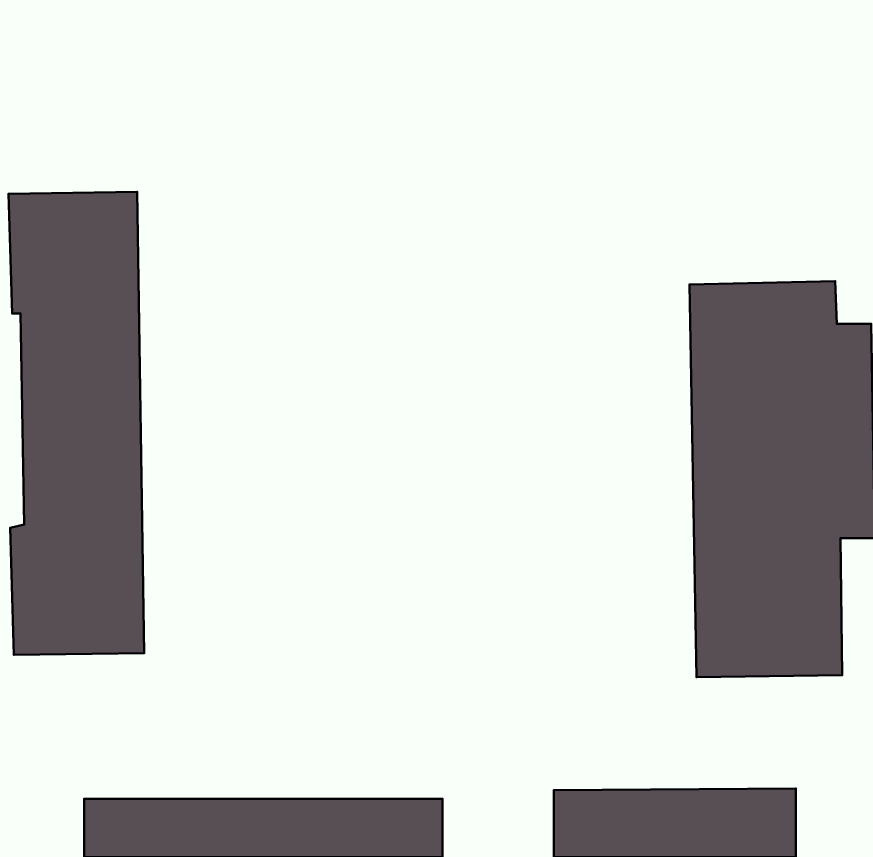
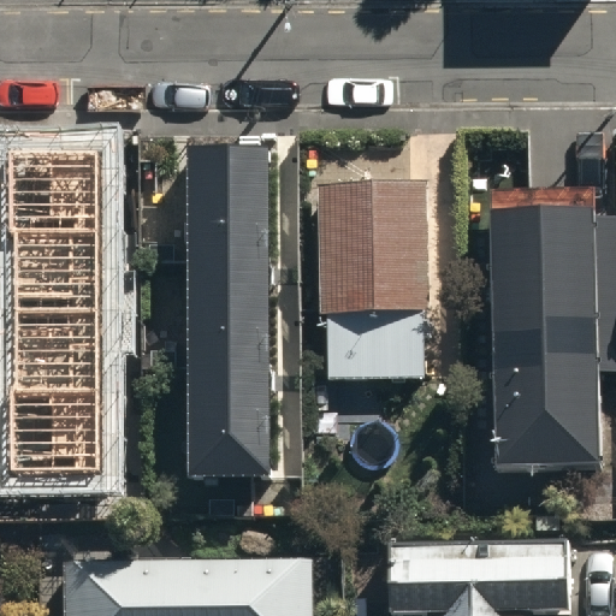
building: none -> [189,131,272,463]
building: none -> [325,192,424,386]

